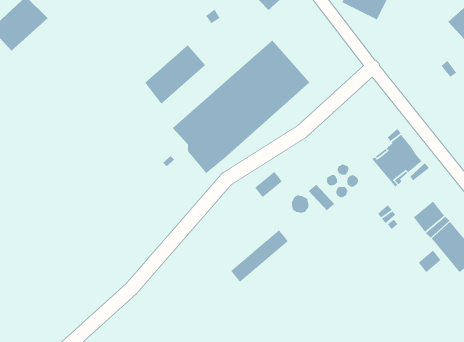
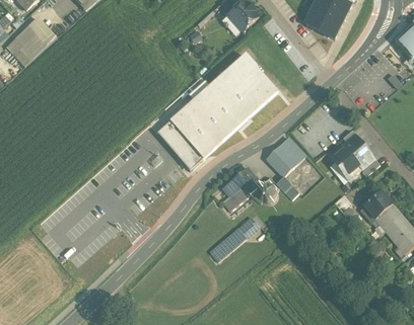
building: [144,44,206,105] -> none
building: none -> [265,137,304,175]
building: none -> [221,176,260,210]

